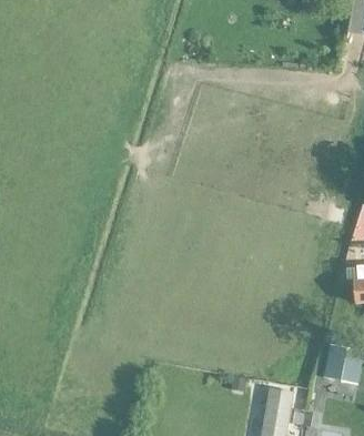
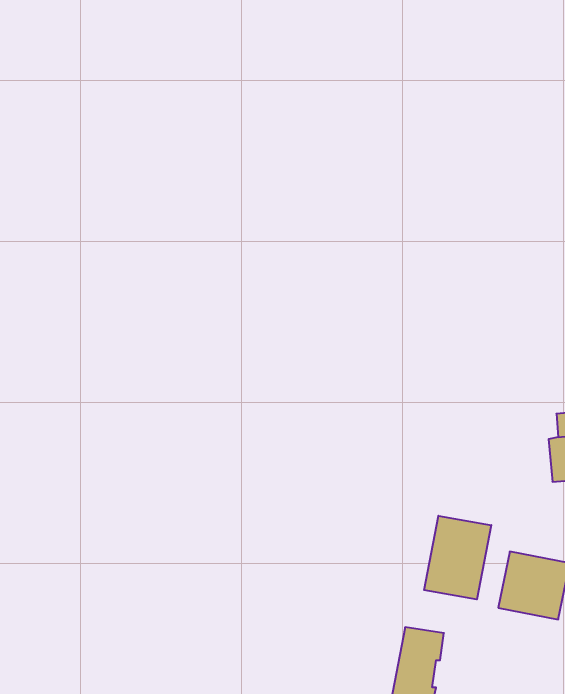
building: none -> [424,516,491,599]

